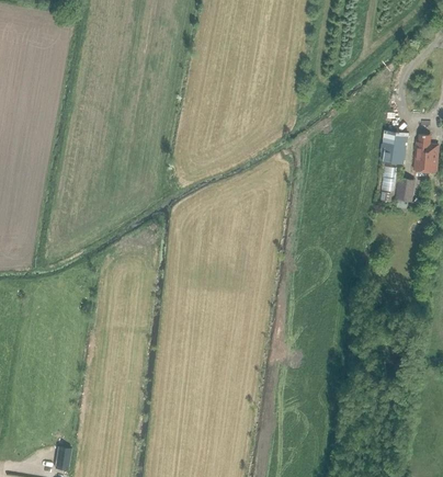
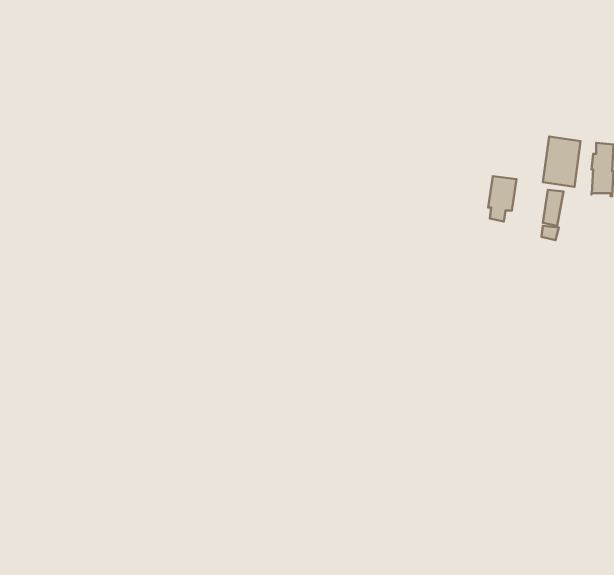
building: [396,179,416,211] -> [488,176,516,222]

